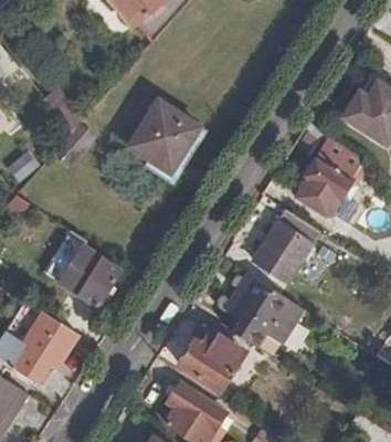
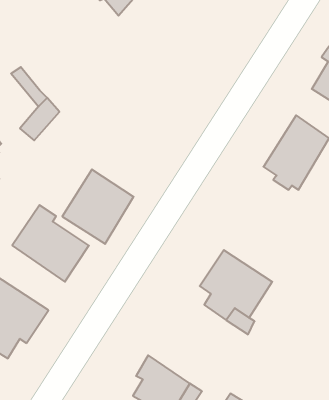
building: [126,98,198,173] -> [62,169,134,244]
building: [253,210,320,282] -> none
building: [181,318,245,387] -> none

